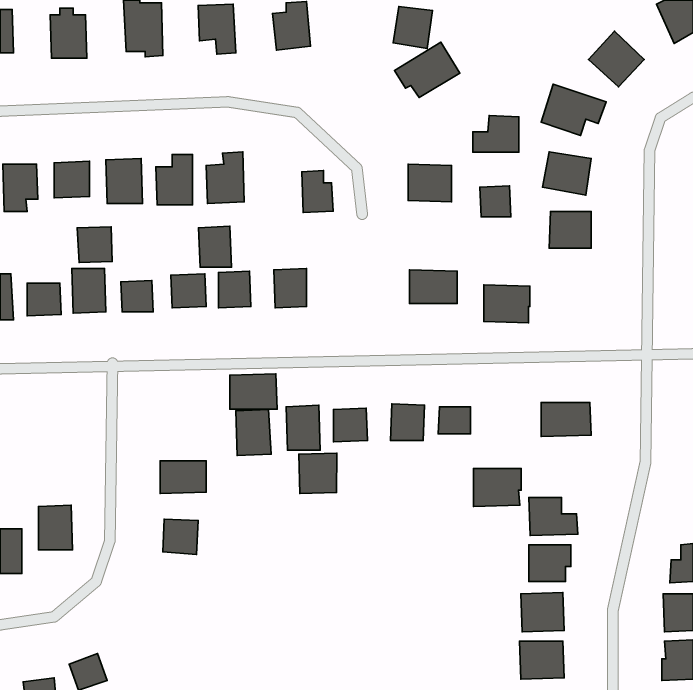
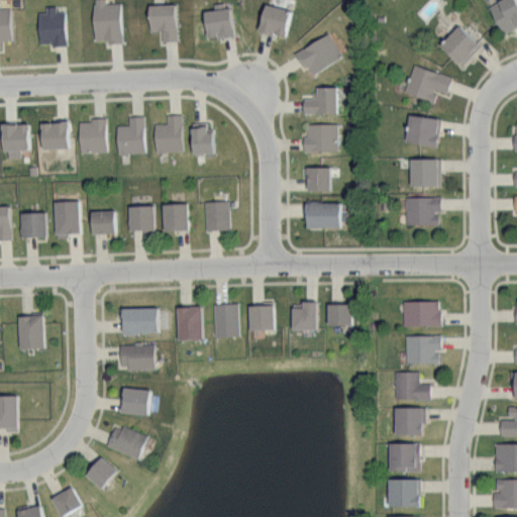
building: [393,6,433,48] -> [258,6,288,37]
building: [473,116,519,152] -> [302,87,336,114]
building: [302,171,333,213] -> [190,123,213,154]
building: [480,186,511,217] -> [306,168,329,191]
building: [199,226,232,267] -> none
building: [77,227,112,262] -> none
building: [484,285,530,323] -> [405,197,439,225]
building: [230,374,277,409] -> [121,308,157,334]
building: [299,453,337,493] -> none
building: [474,469,521,507] -> [405,336,440,365]
building: [38,505,72,550] -> [18,316,43,349]
building: none -> [107,426,145,458]
building: none -> [85,457,116,489]

